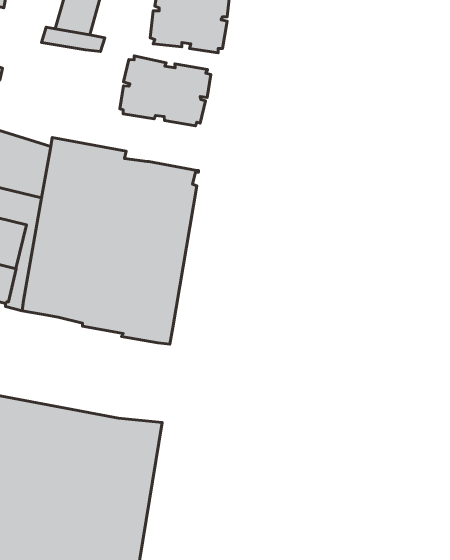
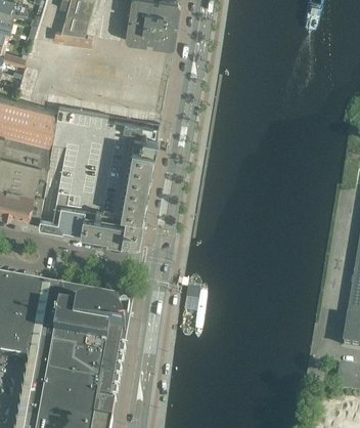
building: [120,56,211,126] -> none

